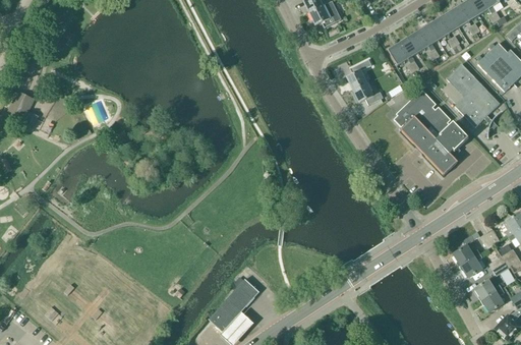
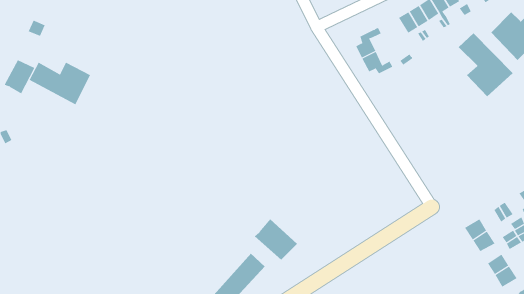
building: [394,90,468,175] -> none
building: none -> [29,62,91,105]
building: none -> [254,218,298,260]

